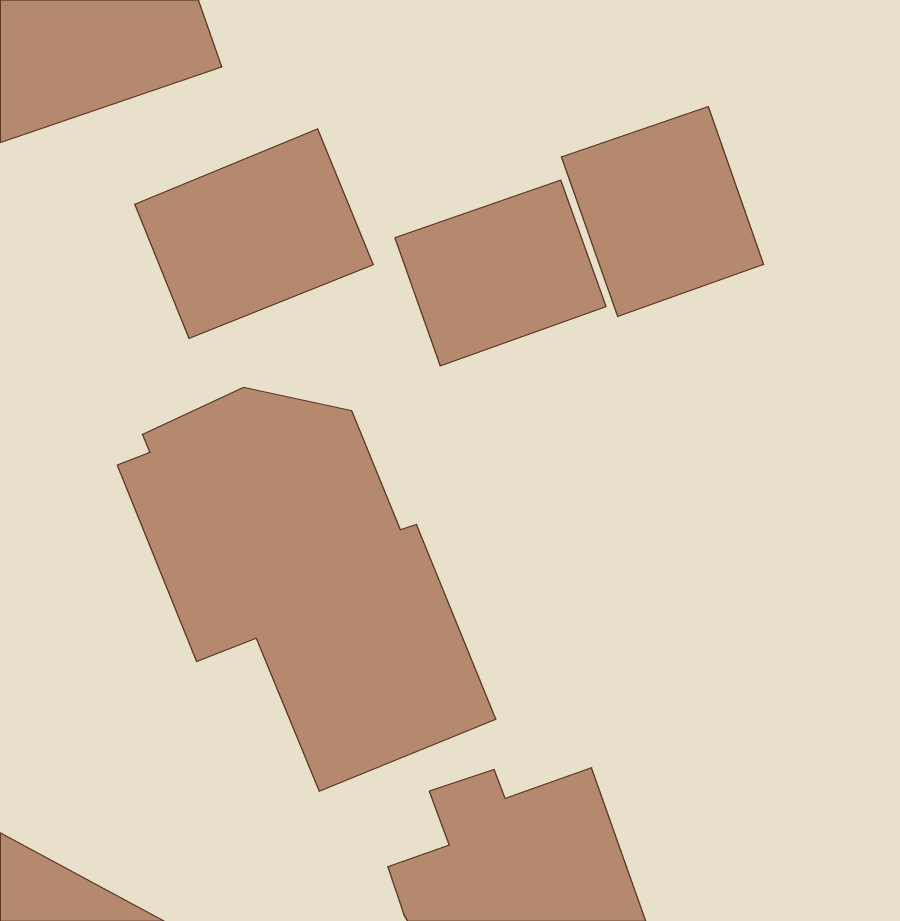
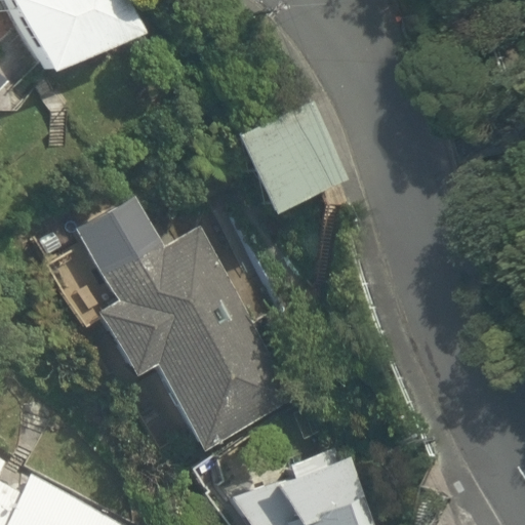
building: [562,107,763,317] -> none
building: [135,129,373,339] -> none

